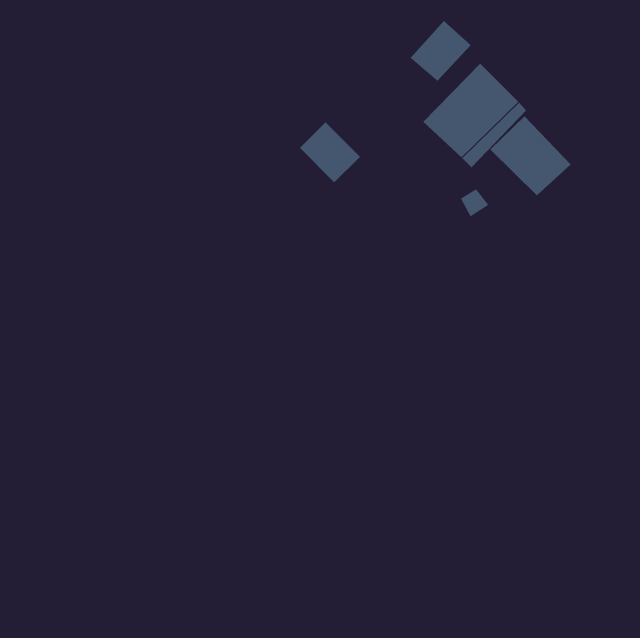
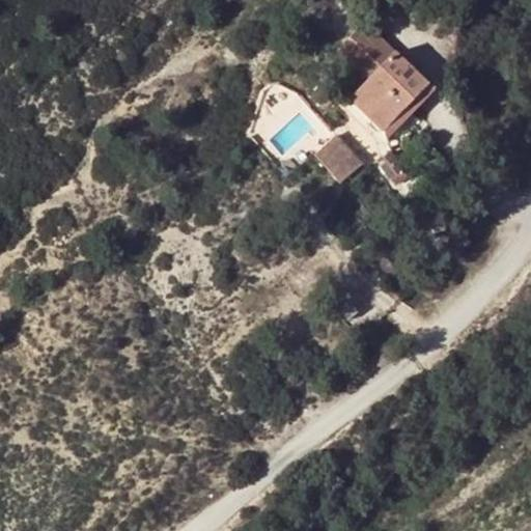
building: [490,115,571,196] -> none
building: [299,122,361,183] -> [316,129,367,179]

